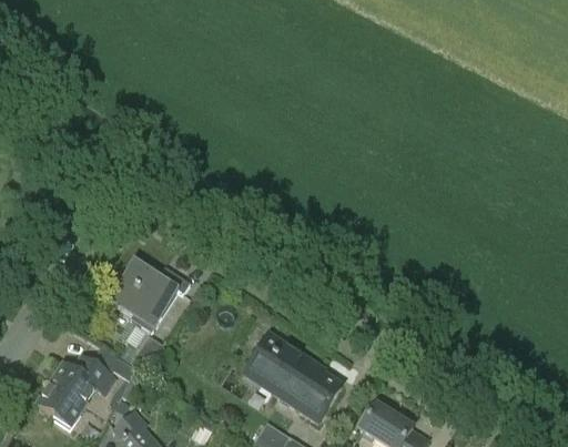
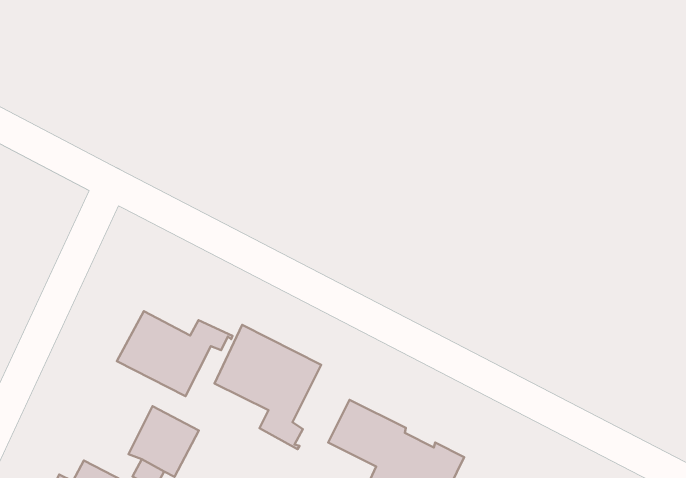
building: none -> [214,325,321,449]

